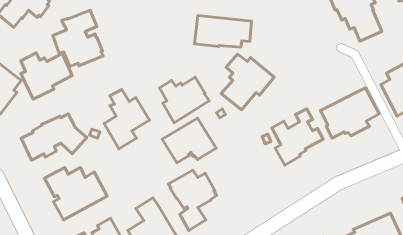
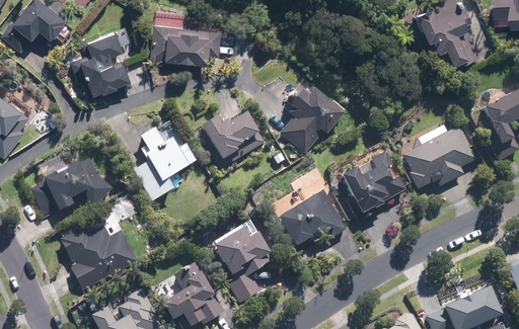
building: [195,15,252,47] -> [150,24,221,64]
building: [21,53,72,99] -> none
building: [162,118,216,163] -> [280,190,347,246]

